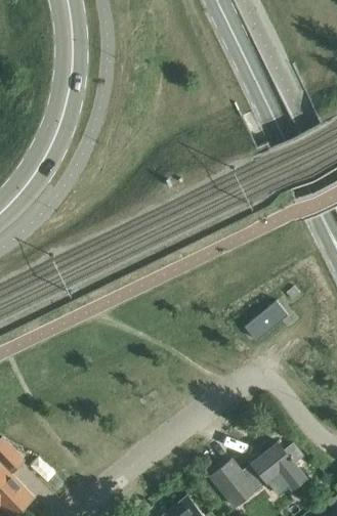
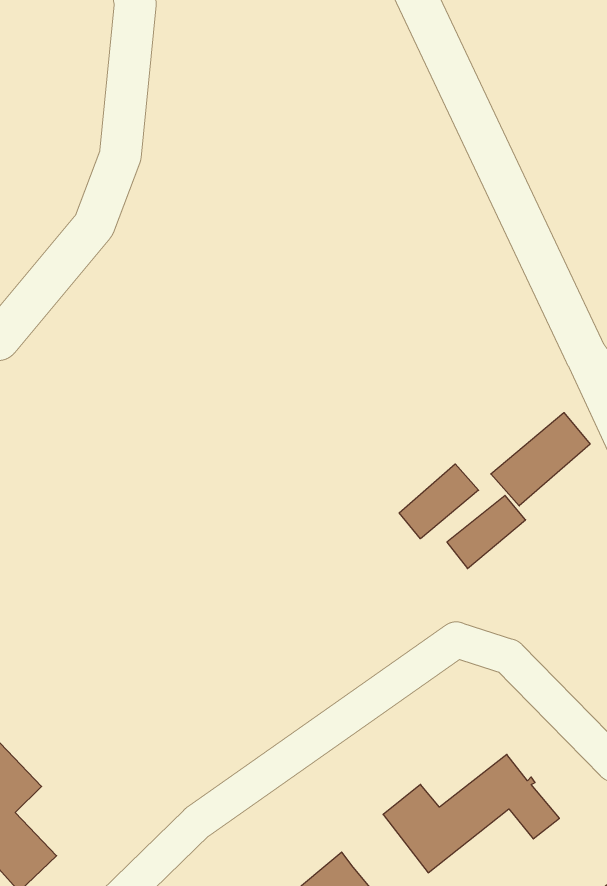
building: none -> [491,413,590,506]
building: none -> [399,464,479,539]

